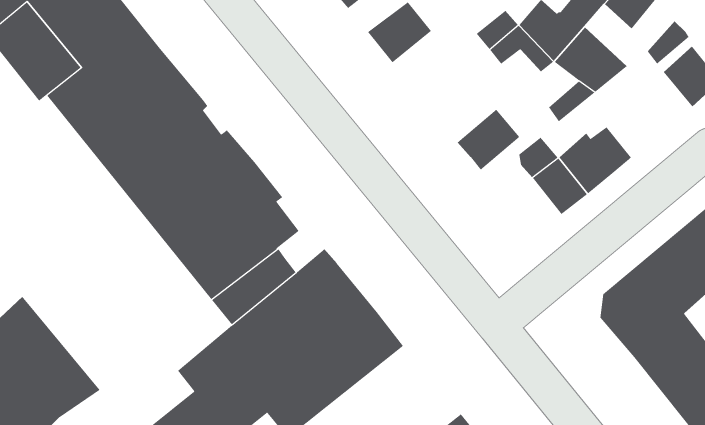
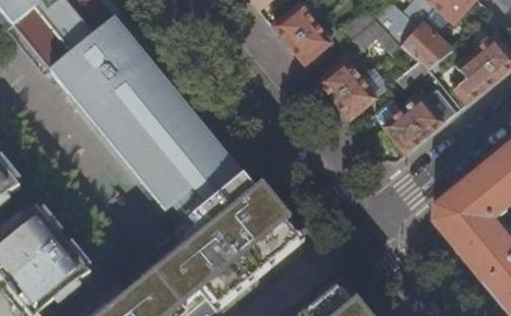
building: none -> [292,23,334,63]
building: none -> [459,52,499,100]
building: none -> [319,58,364,101]

